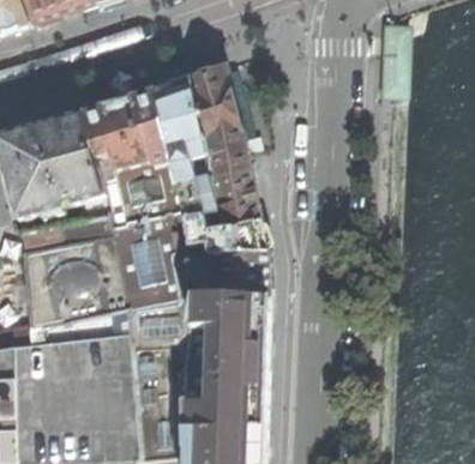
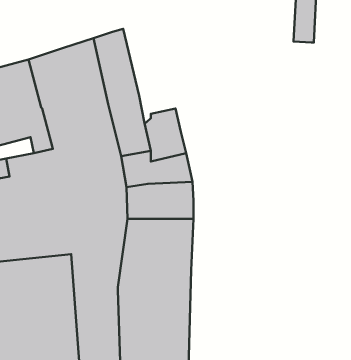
building: [186,64,245,182] -> none

